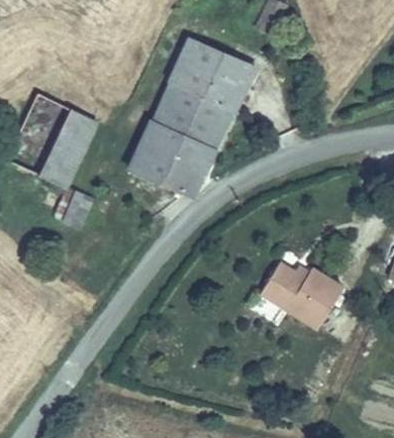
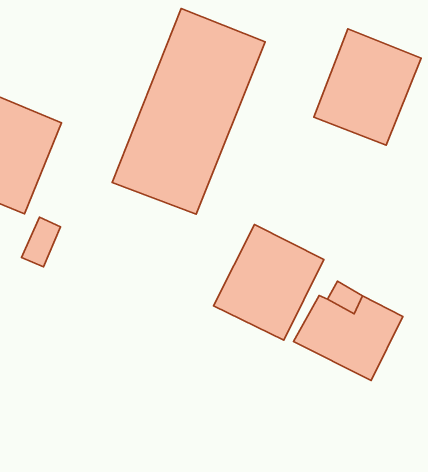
building: none -> [314,29,421,145]
building: none -> [214,224,324,340]

